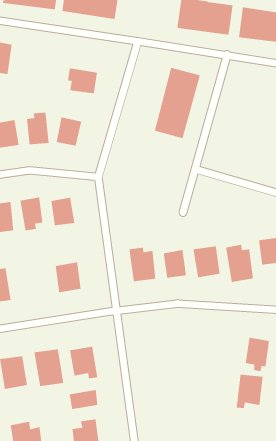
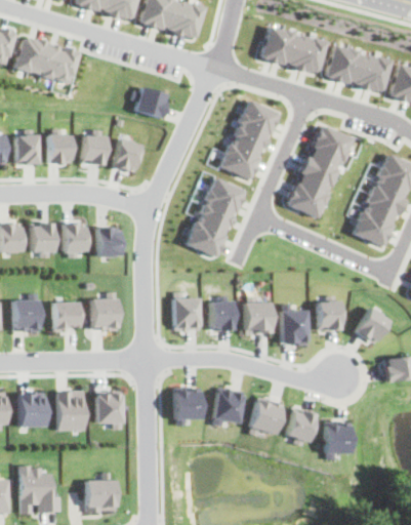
building: none -> [287,125,353,218]
building: none -> [184,176,246,257]
building: none -> [54,302,78,327]
building: none -> [211,390,244,427]
building: none -> [175,389,202,426]
building: [236,374,264,409] -> [248,397,283,436]
building: [69,389,98,410] -> none

